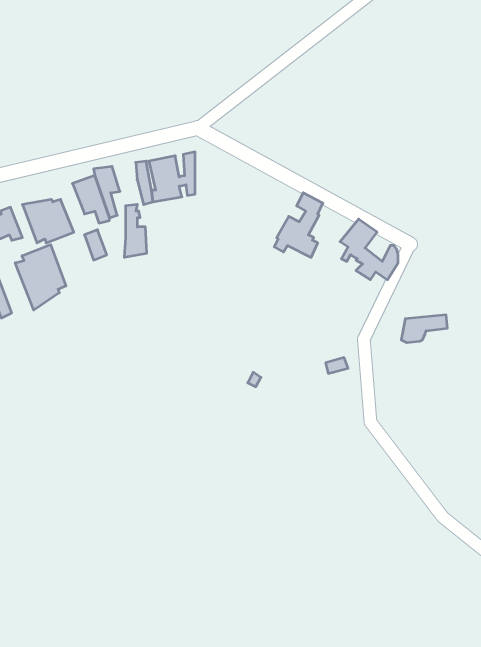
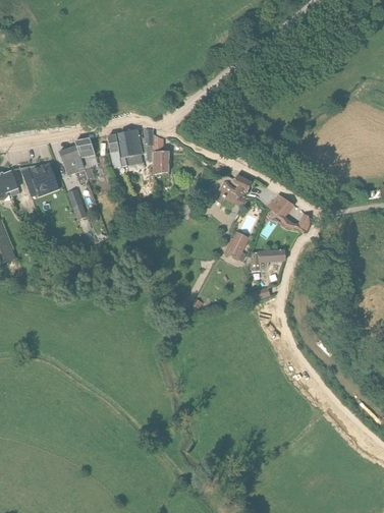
building: [124,204,147,257] -> [152,134,169,175]
building: [15,245,66,310] -> none
building: none -> [222,232,249,263]
building: [401,315,447,343] -> [249,250,284,272]

